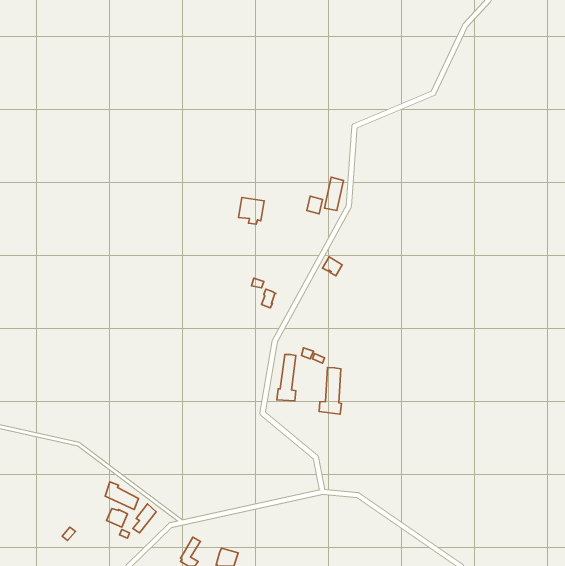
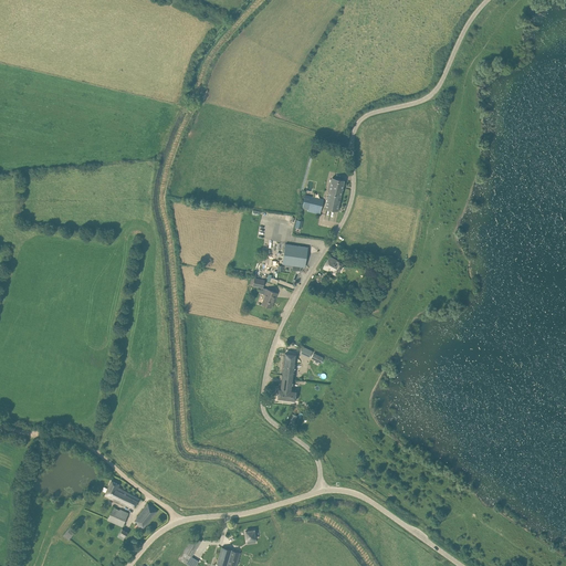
building: [239,198,264,224] -> [281,244,306,271]
building: [319,368,341,414] -> none

